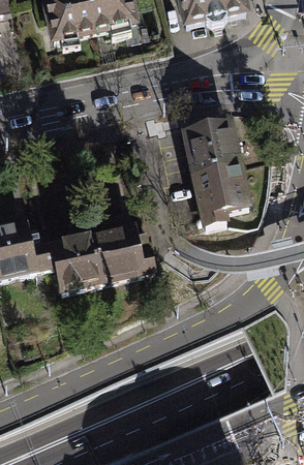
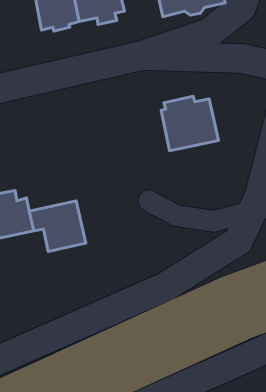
building: [191,167,254,233] -> none
building: [89,225,150,280] -> none

